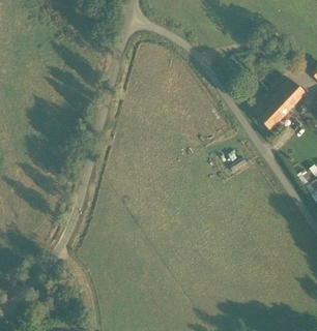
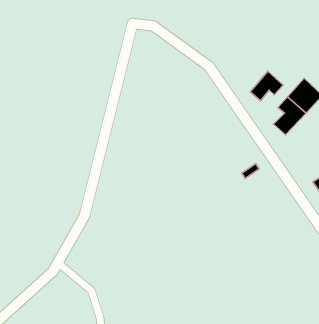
building: none -> [250,71,283,101]

